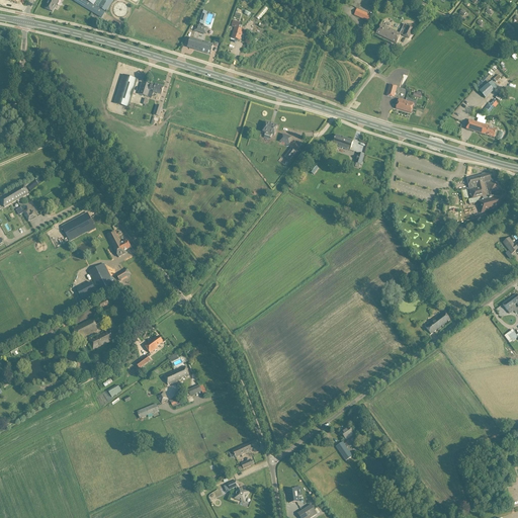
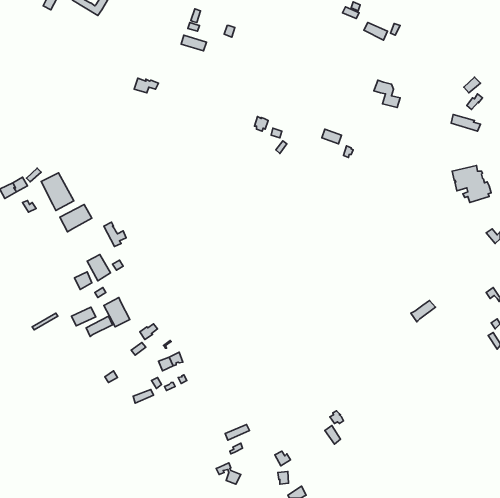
building: [114,73,137,105] -> none
building: none -> [41,173,74,211]
building: none -> [104,297,130,327]

